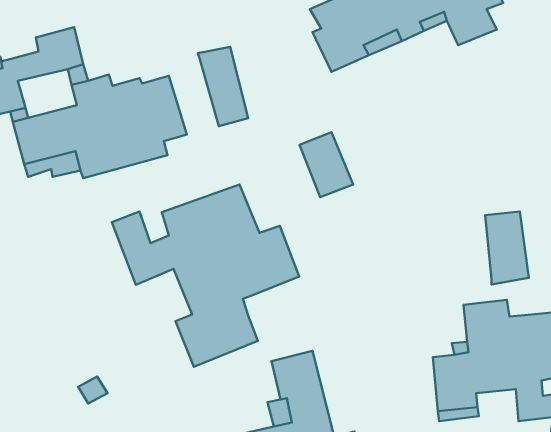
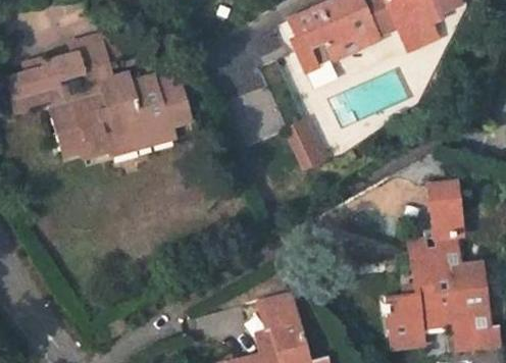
building: [198,47,248,126] -> none
building: [112,184,299,367] -> none
building: none -> [410,237,461,266]

